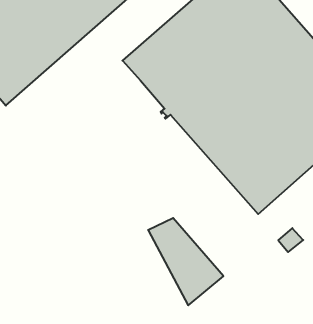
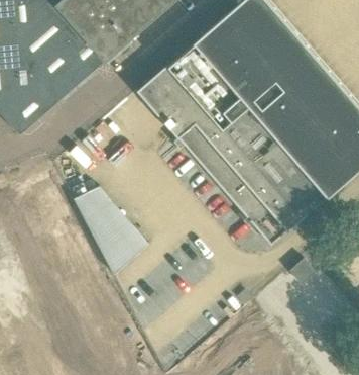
building: [148,218,223,305] -> [75,187,150,275]

